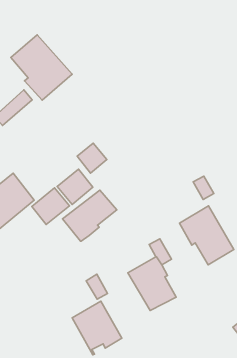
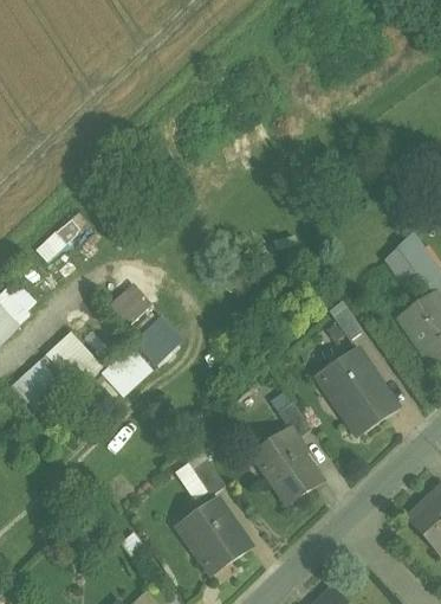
building: [11,35,72,100] -> none
building: [77,143,107,173] -> [114,279,156,322]
building: [63,190,117,241] -> none

